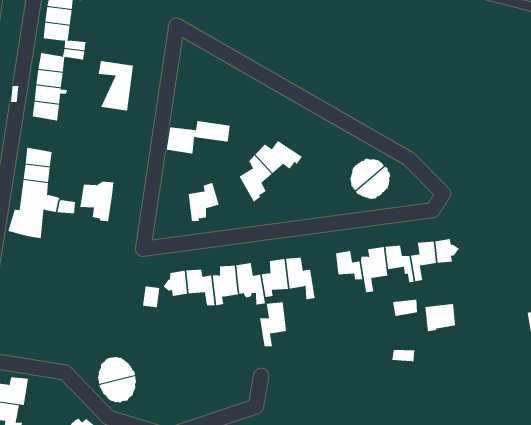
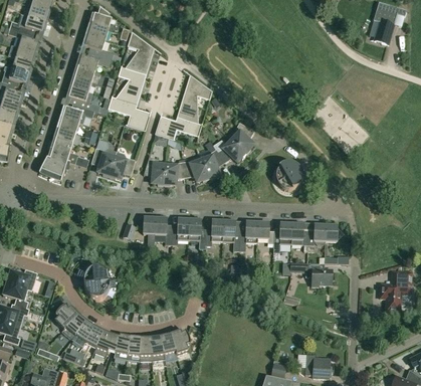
building: none -> [121,31,152,73]
building: none -> [179,76,212,125]
building: none -> [108,96,150,131]
building: none -> [231,122,254,154]
building: none -> [61,104,94,123]
building: none -> [183,160,208,181]
building: none -> [109,150,135,178]
building: none -> [143,156,165,185]
building: [259,302,287,347] -> [239,221,257,251]

